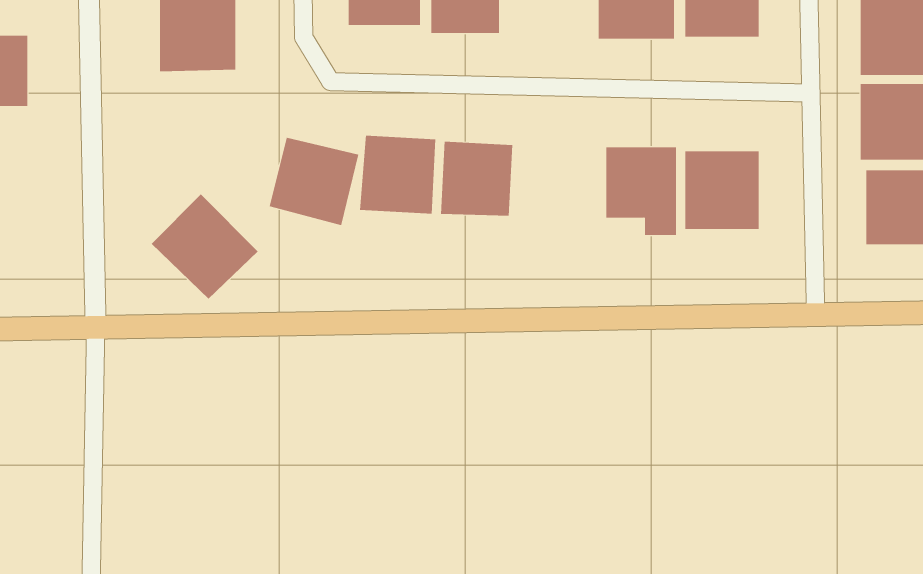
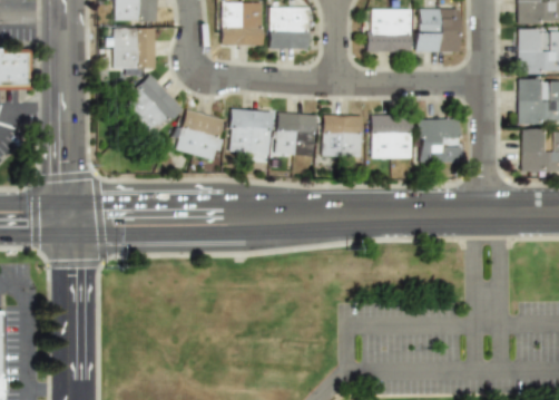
building: none -> [322,114,363,157]
building: [151,194,259,299] -> [121,74,184,135]

